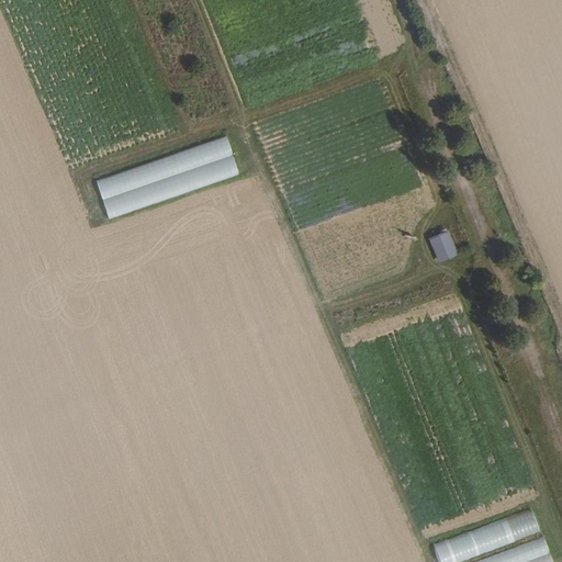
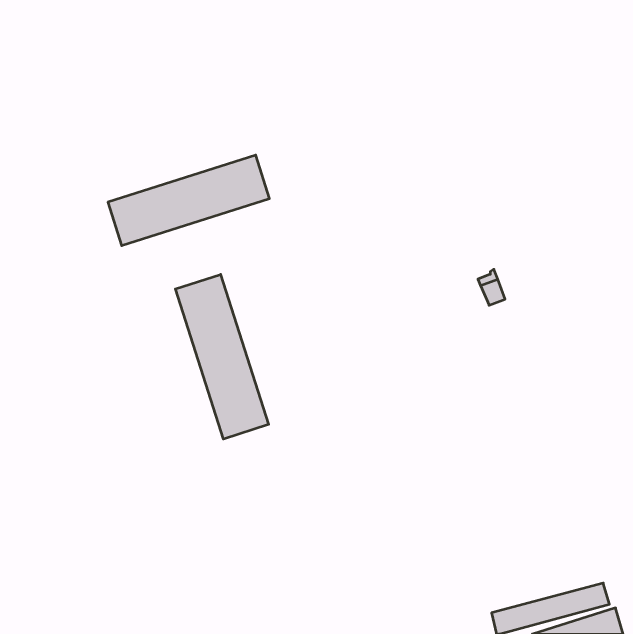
building: none -> [175,274,269,439]

